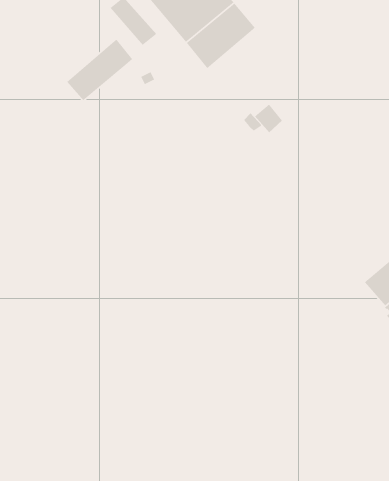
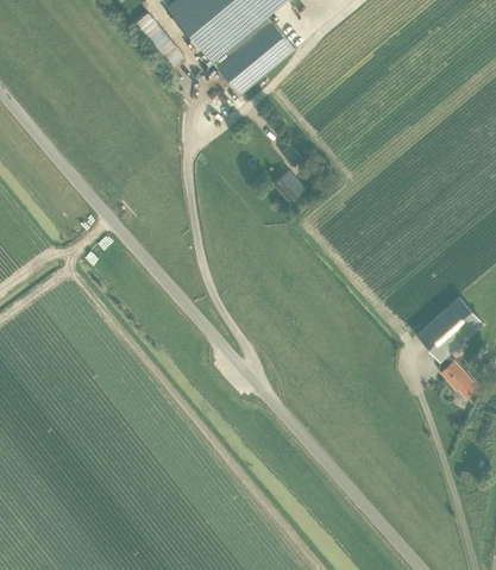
building: [66,39,133,101] -> none
building: [254,104,283,133] -> [271,169,303,202]

